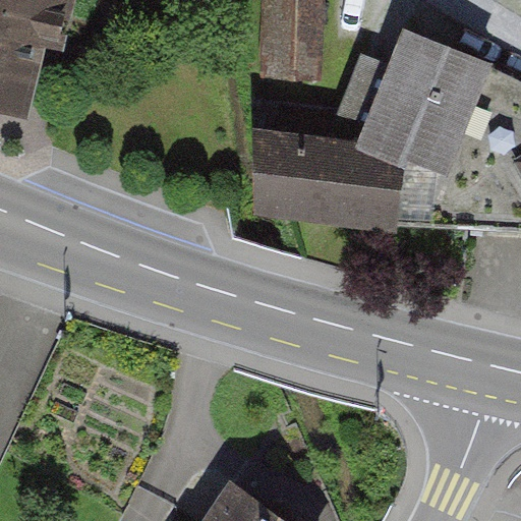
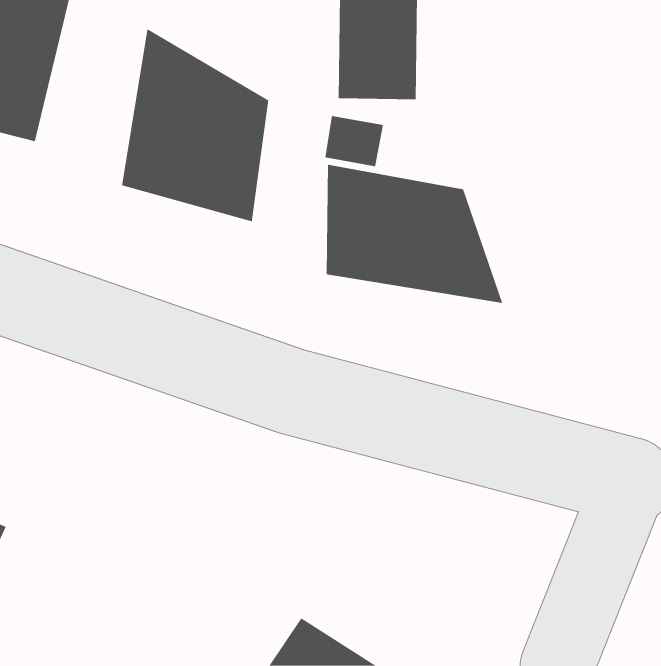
building: none -> [121,28,269,222]
building: [359,31,489,179] -> none

